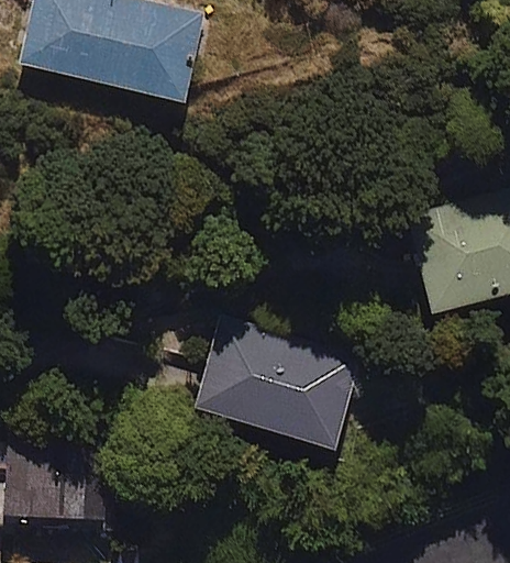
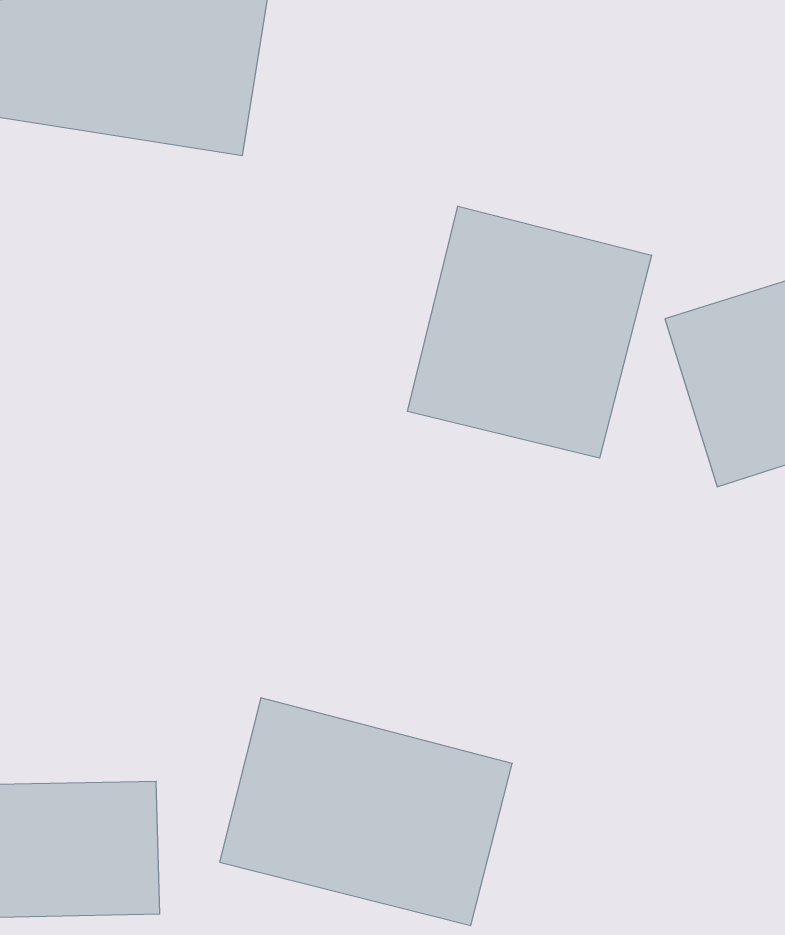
building: none -> [407,206,652,458]
building: [193,314,361,451] -> [220,698,512,926]

